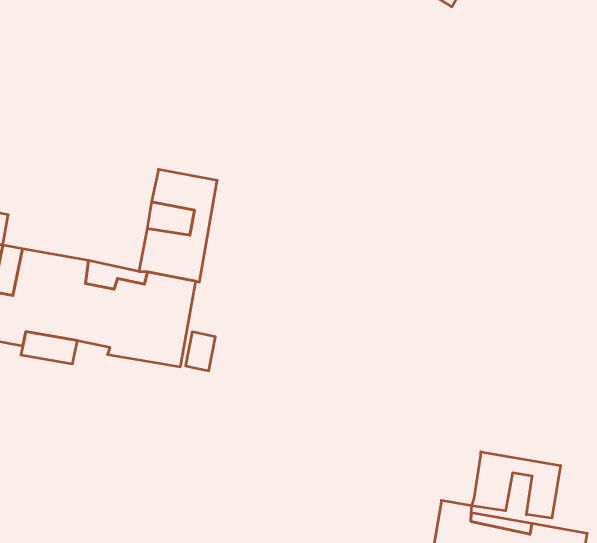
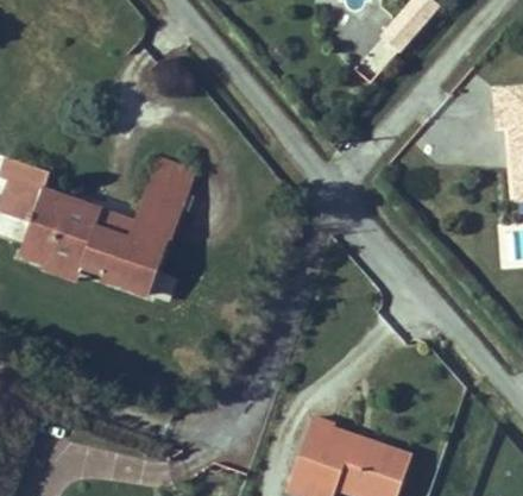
building: [472,452,560,518] -> none

